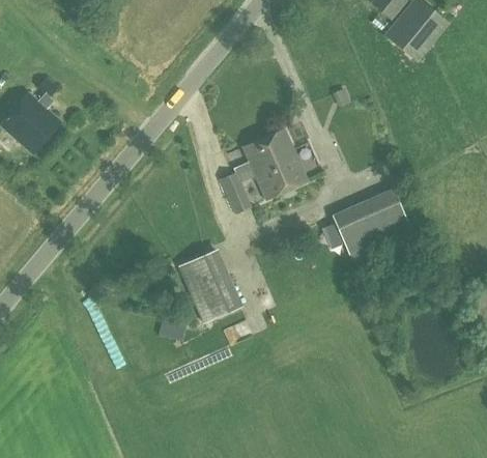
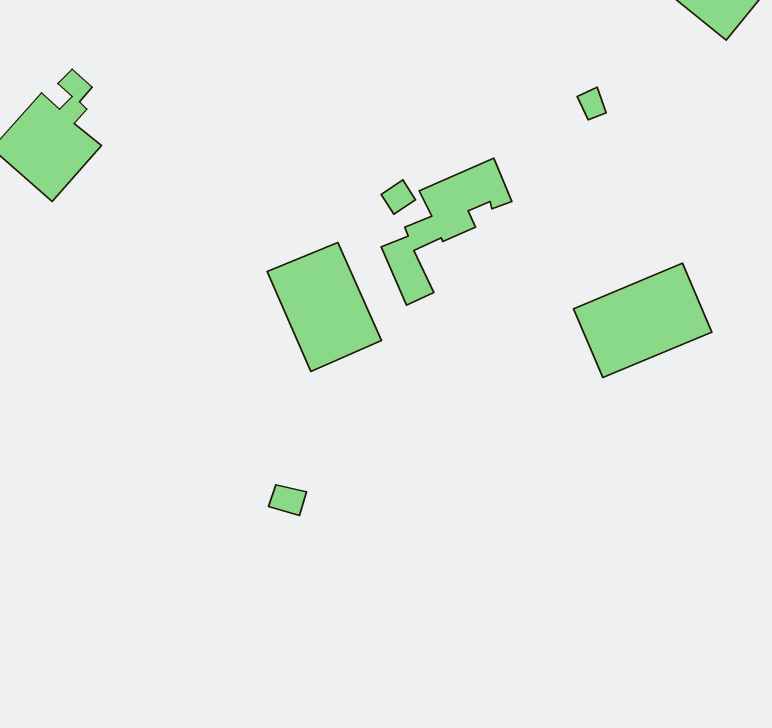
building: [256,153,308,199] -> none
building: [177,249,242,322] -> [267,243,382,371]

